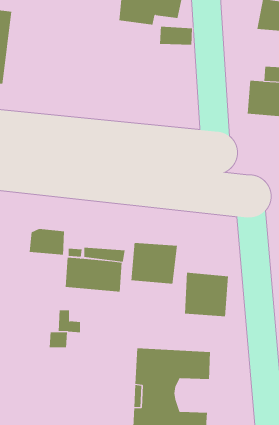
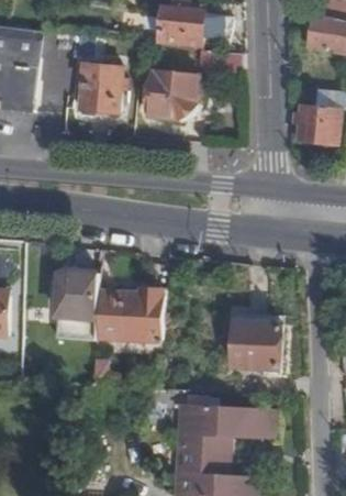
building: none -> [79,64,122,112]
building: none -> [146,70,197,118]
building: [131,242,177,285] -> none
building: none -> [56,298,97,338]

